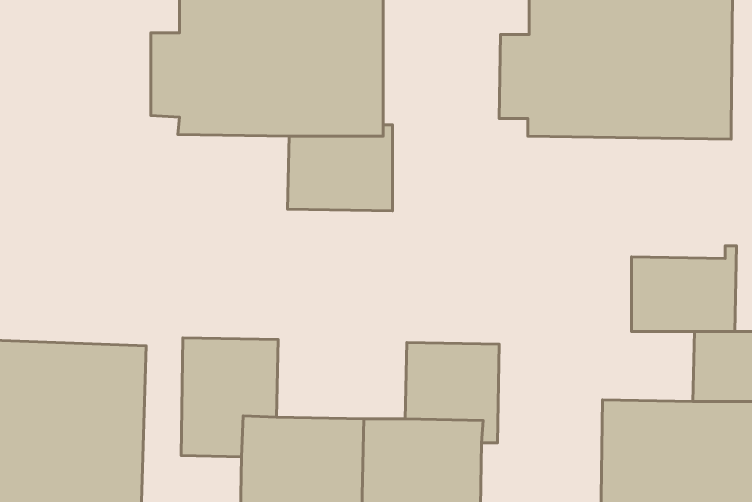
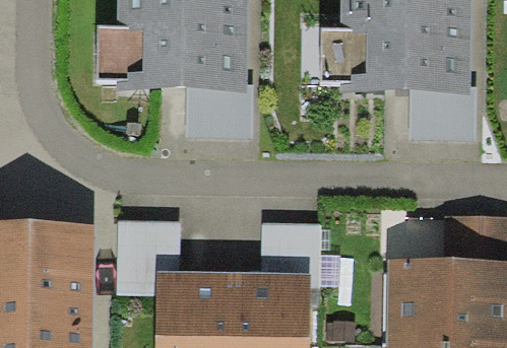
building: [632,246,736,331] -> [409,84,477,139]

